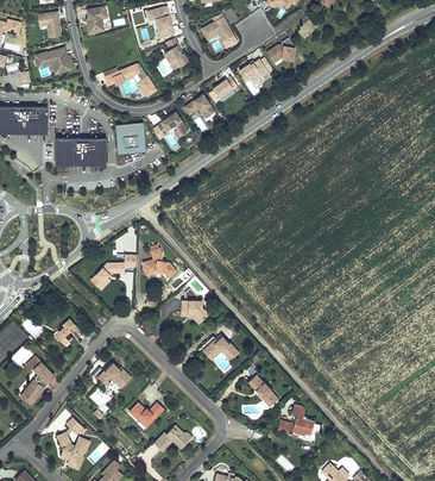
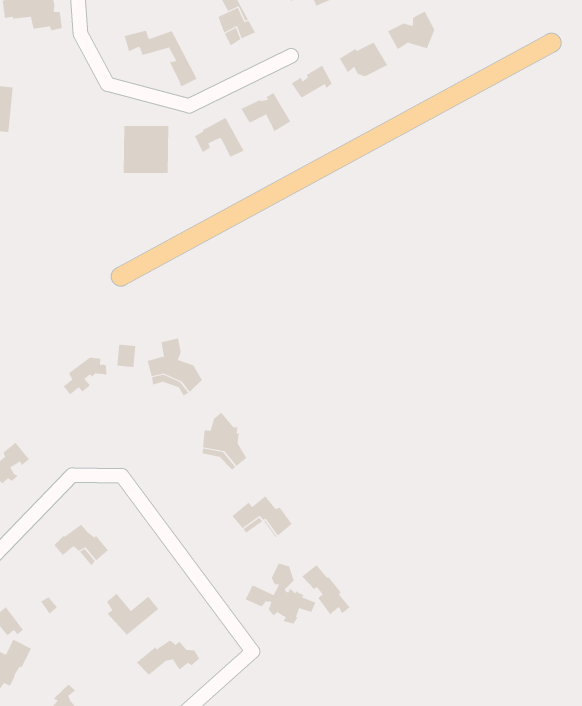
building: [55,138,105,165] -> none
building: [277,404,320,439] -> [245,563,316,624]

